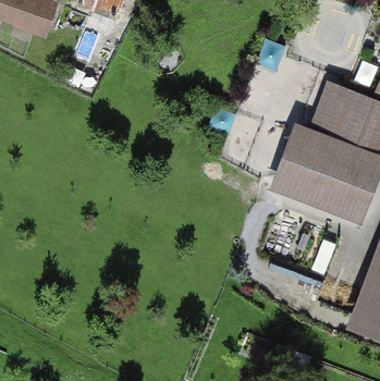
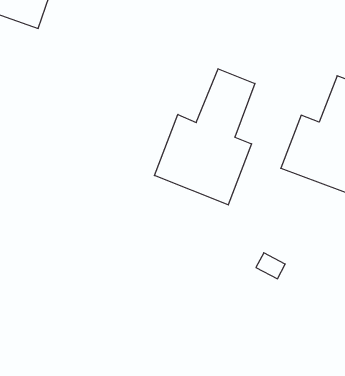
building: none -> [154,69,255,205]

